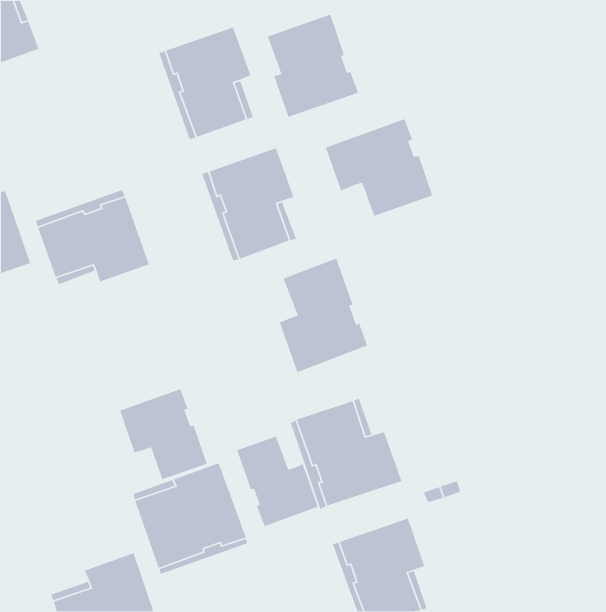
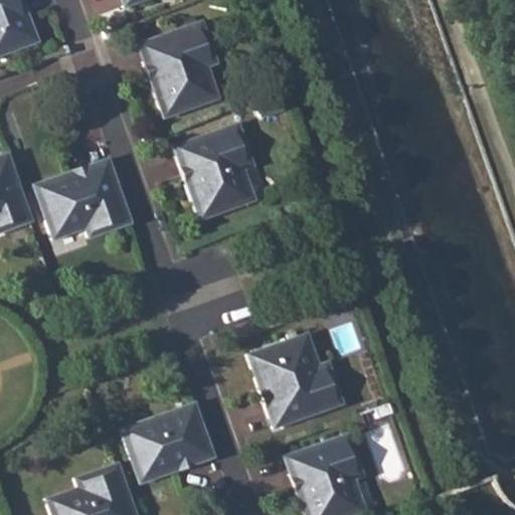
building: [267,13,359,118] -> none
building: [325,118,433,217] -> none
building: [279,258,368,373] -> none
building: [119,388,208,480] -> none
building: [236,435,319,527] -> none

